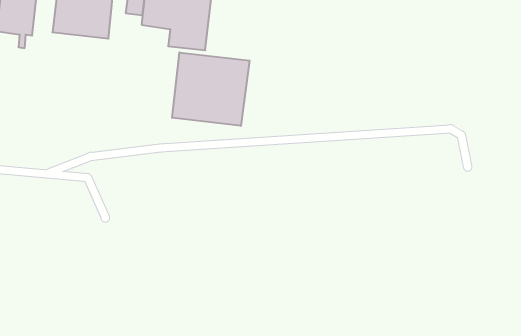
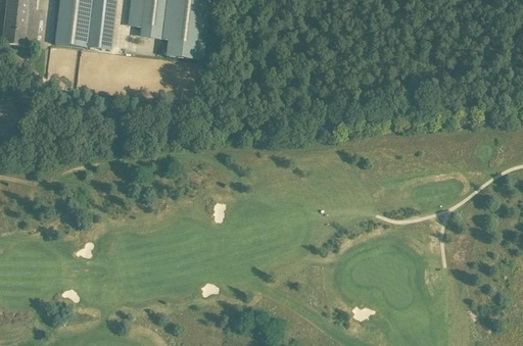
building: [172,52,250,126] -> none

